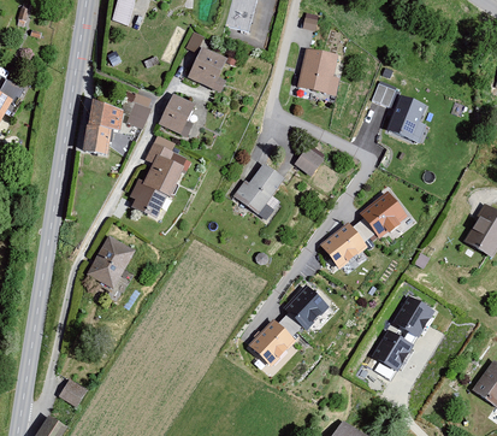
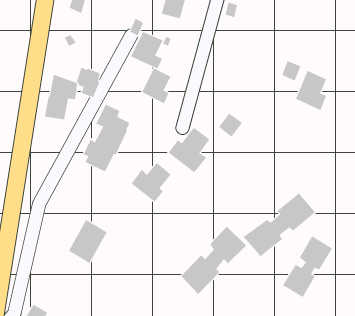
building: [296,47,339,95] -> none
building: [159,93,195,137] -> [142,67,171,104]
building: [318,190,407,269] -> [243,192,316,257]
building: none -> [131,162,172,203]
building: [87,235,135,289] -> [68,219,108,264]

